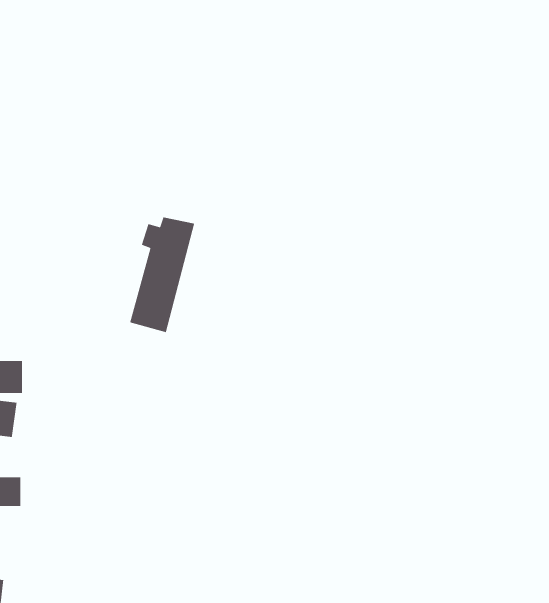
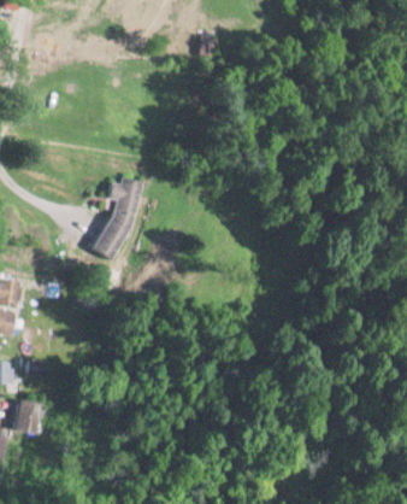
building: none -> [13,400,43,435]

